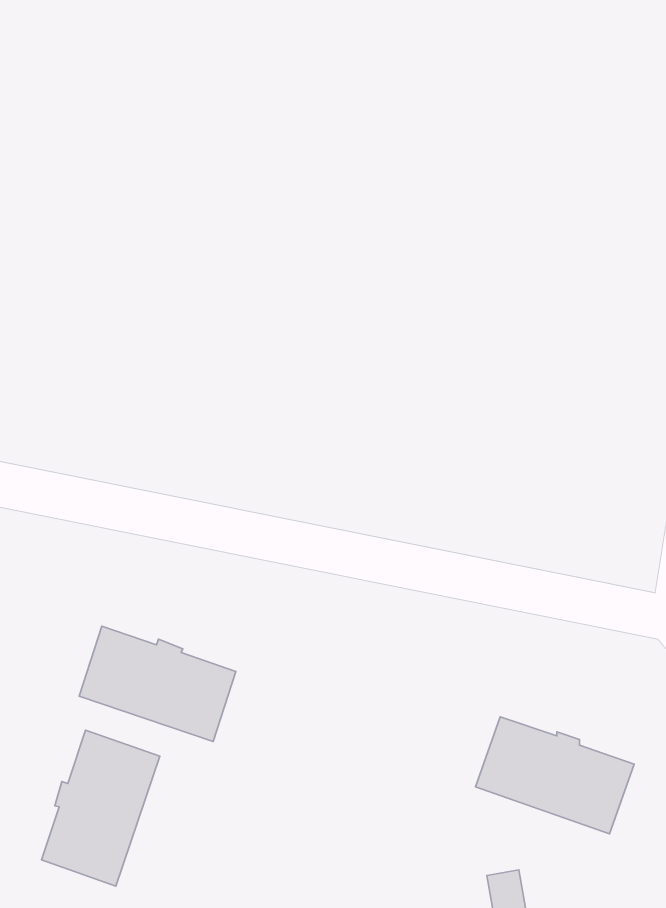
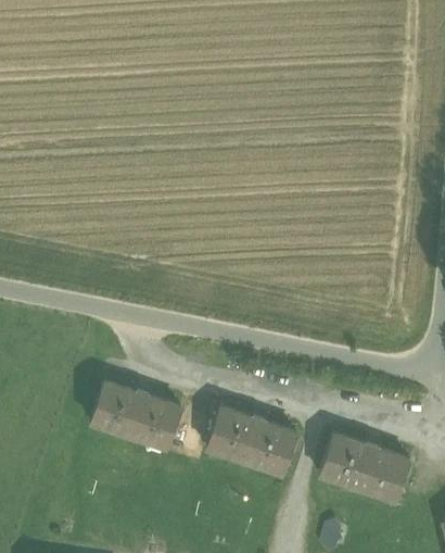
building: none -> [206,404,297,472]
building: [42,730,160,886] -> none

